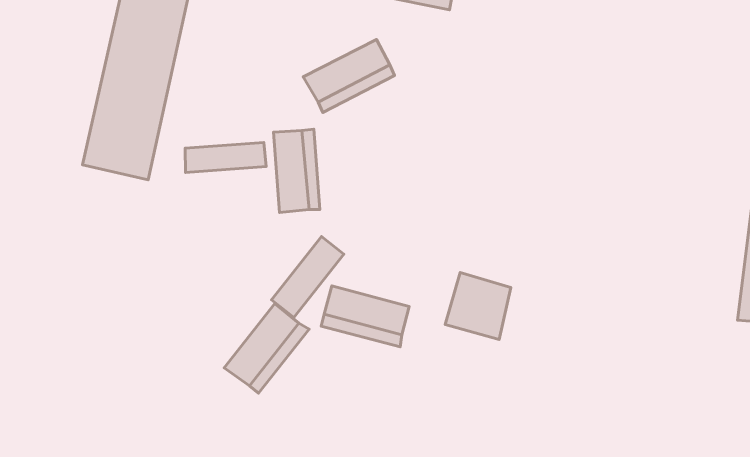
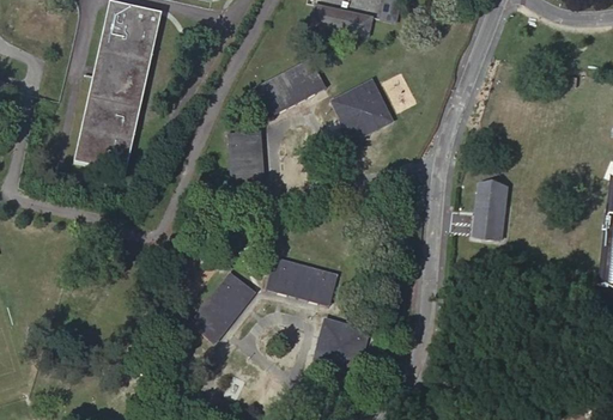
building: none -> [332,80,392,140]
building: [185,143,266,173] -> none
building: none -> [473,175,504,230]
building: [271,236,344,318] -> none
building: [445,272,511,340] -> [314,318,366,372]

